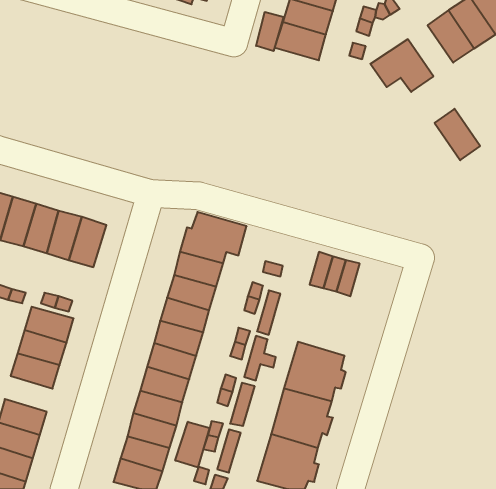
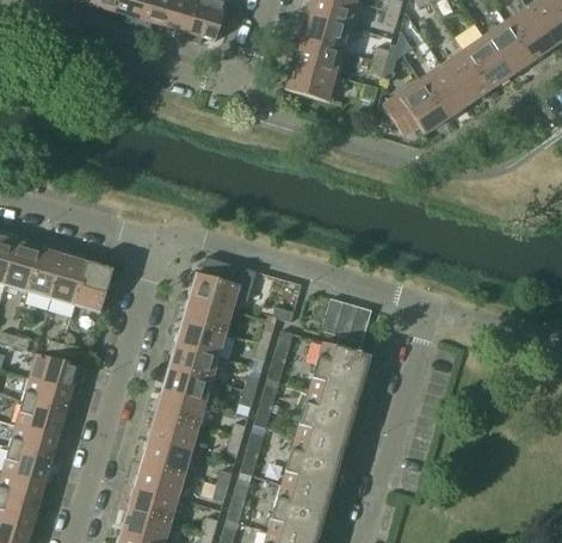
building: [256,12,284,51] -> none
building: [435,109,480,160] -> [420,66,467,118]
building: none -> [308,341,370,403]
building: none -> [8,424,57,461]
building: [175,422,210,467] -> none

